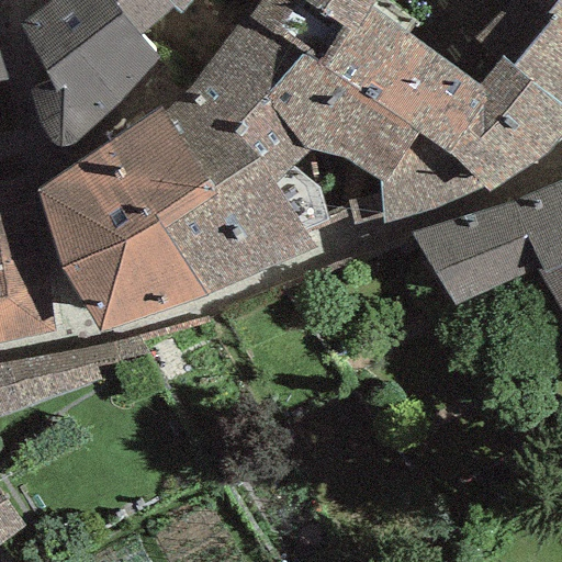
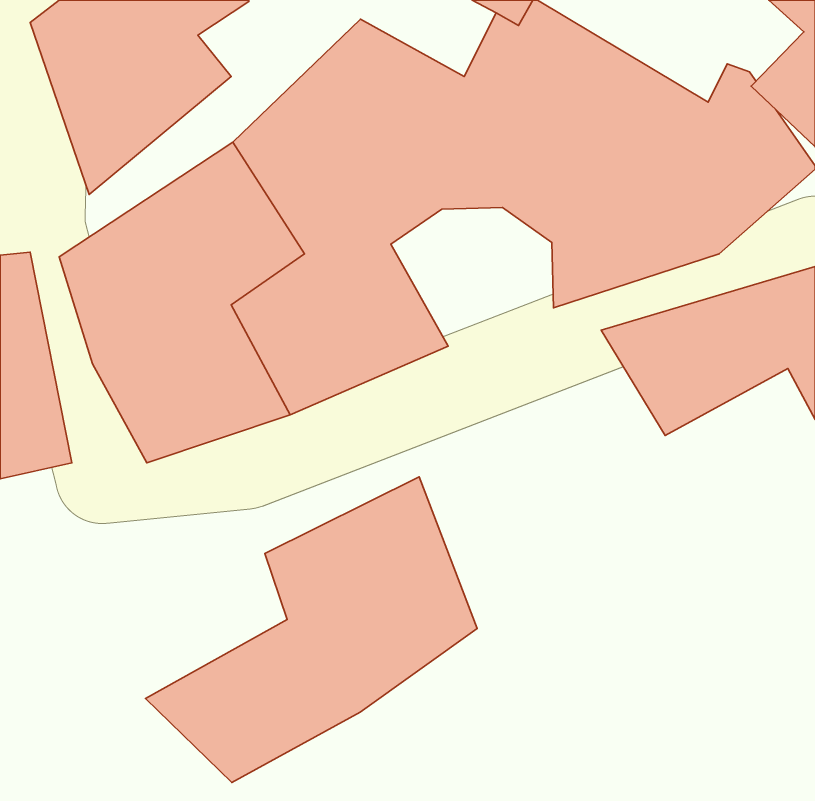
building: none -> [145,477,477,783]

